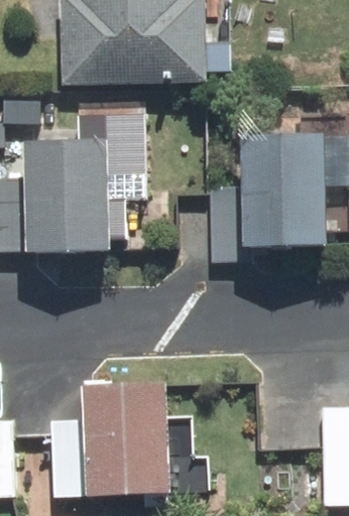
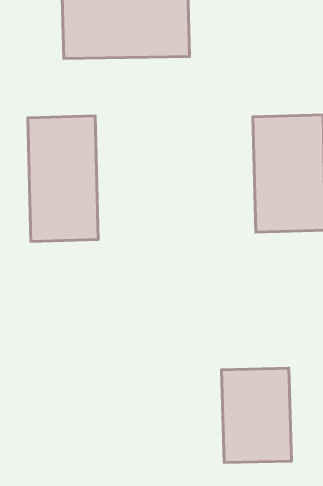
building: [91,382,163,494] -> none
building: none -> [222,368,291,463]

